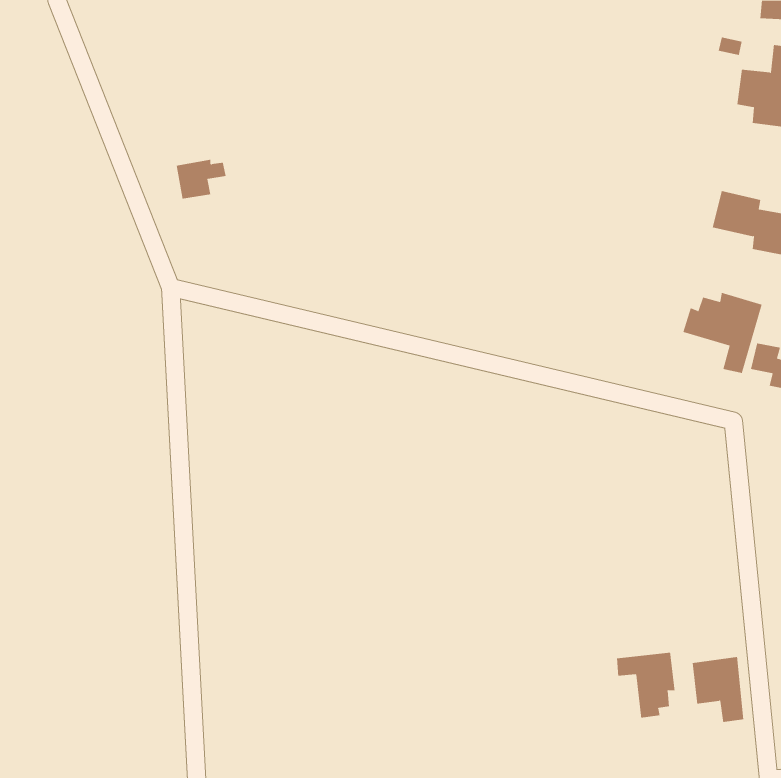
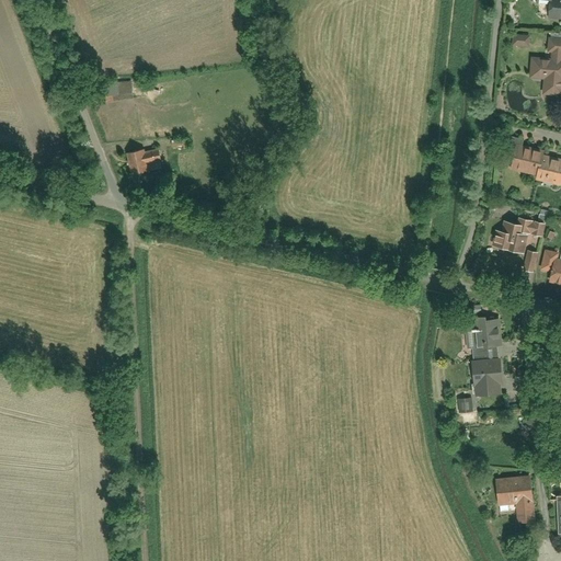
building: [176,159,227,199] -> [128,152,164,181]
building: none -> [467,312,507,396]
building: [617,652,675,719] -> none

